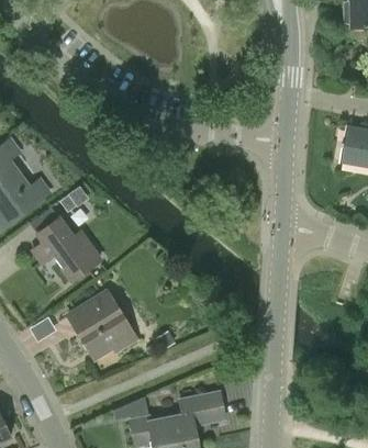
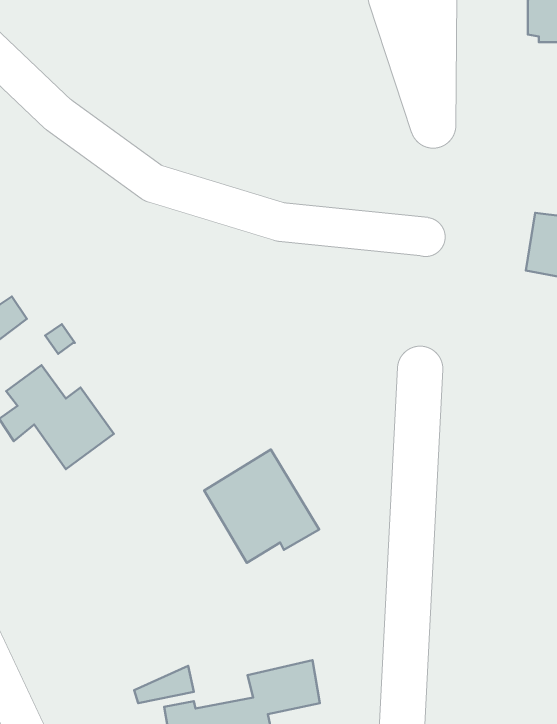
building: [67,292,135,359] -> [204,449,319,563]

